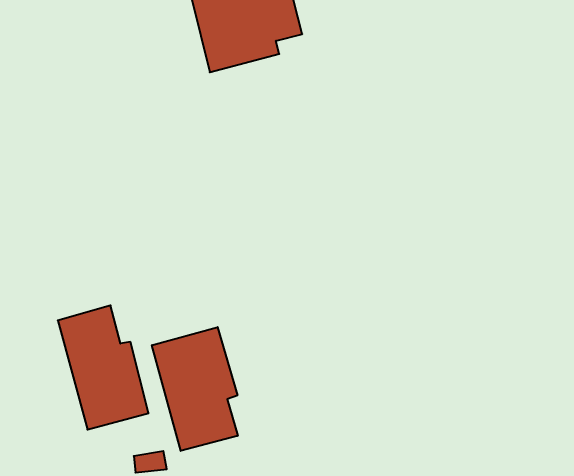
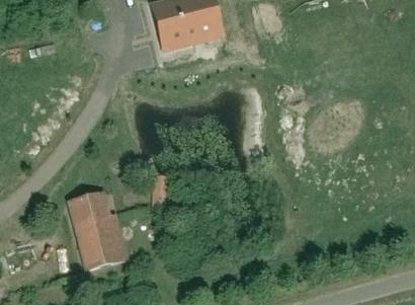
building: [152,327,238,451] -> none

